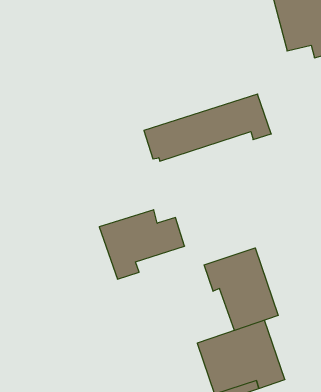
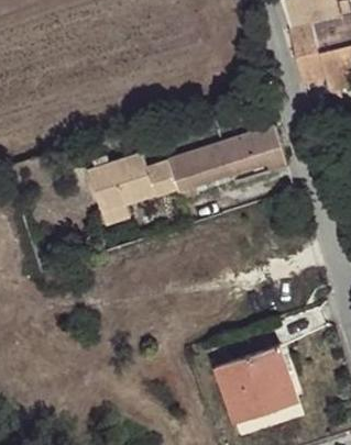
building: [99,210,185,279] -> [89,153,172,220]
building: [204,248,278,330] -> none

